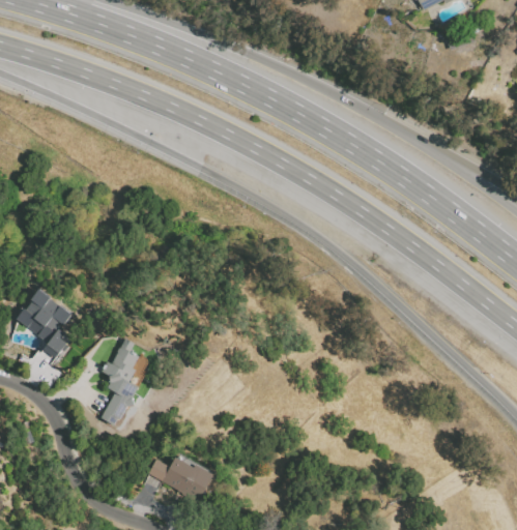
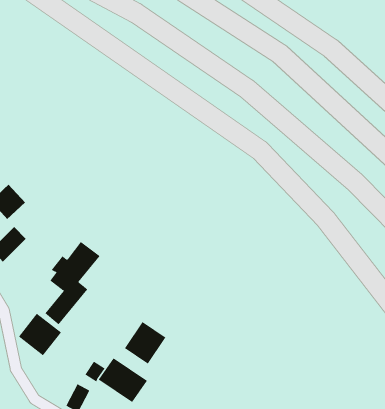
building: none -> [124,321,166,364]
building: none -> [18,313,62,356]

